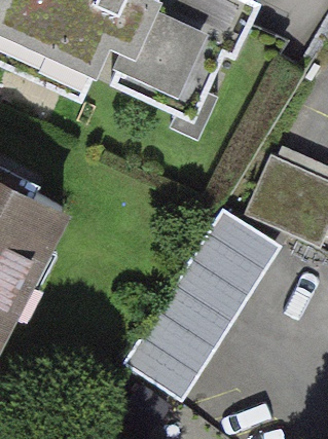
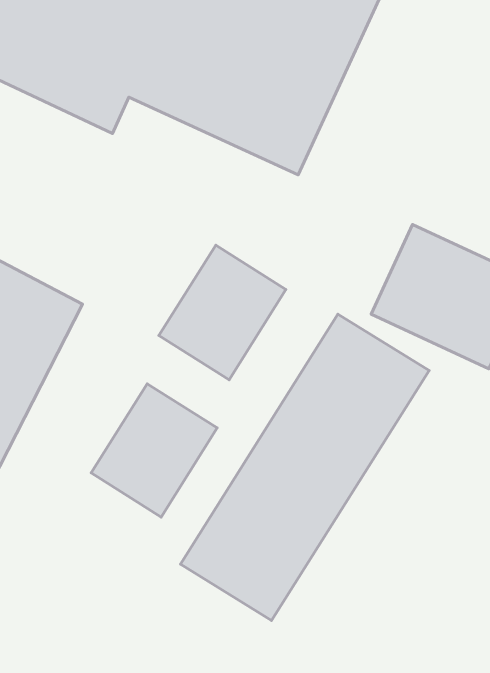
building: none -> [159,245,286,380]
building: none -> [91,384,217,517]

